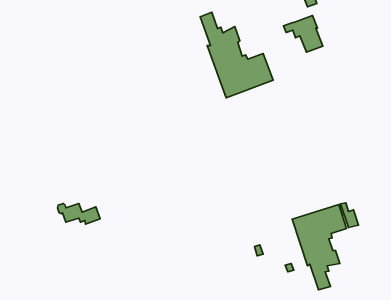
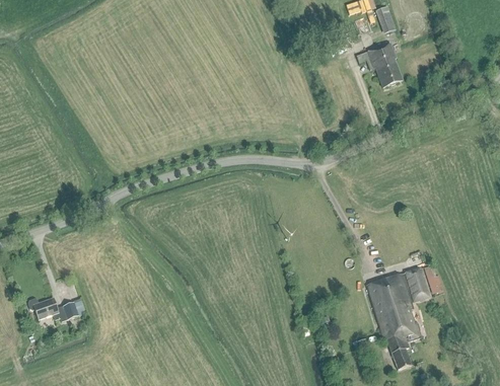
building: [200,12,273,98] -> none
building: [57,204,100,224] -> [28,297,79,321]

